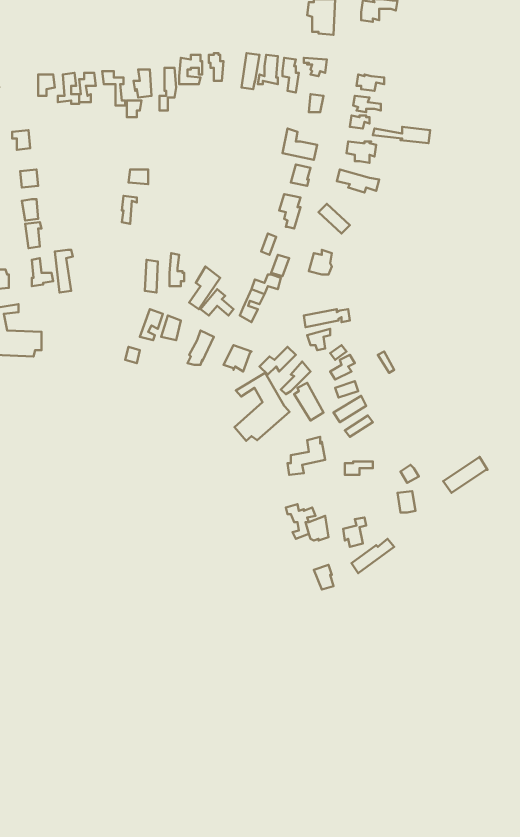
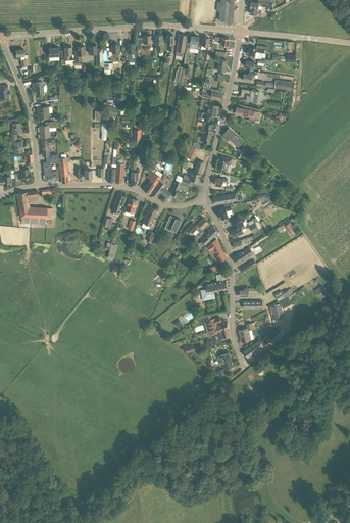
building: [234,373,289,441] -> none

